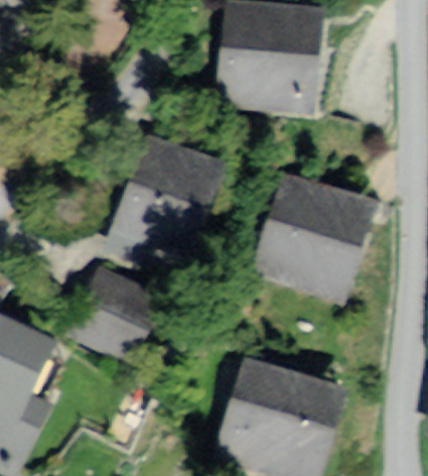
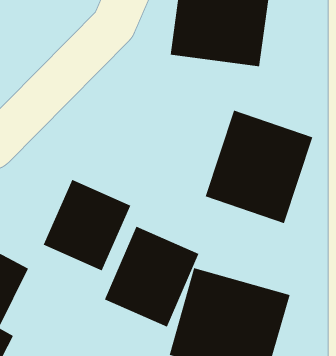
building: [113,136,222,252] -> none
building: none -> [104,226,199,327]

